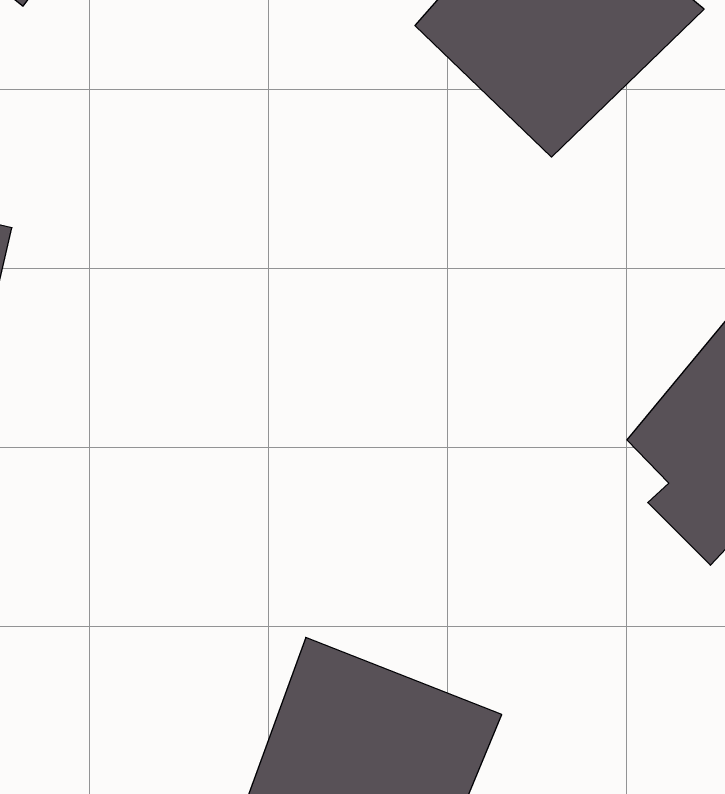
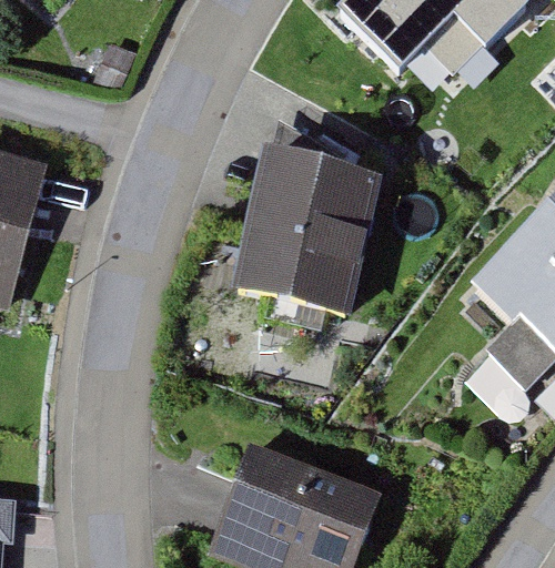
building: none -> [229,148,386,314]

